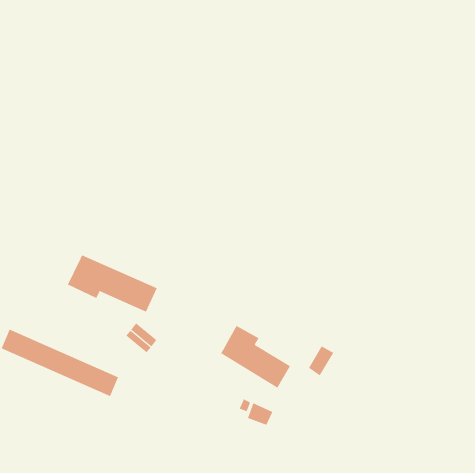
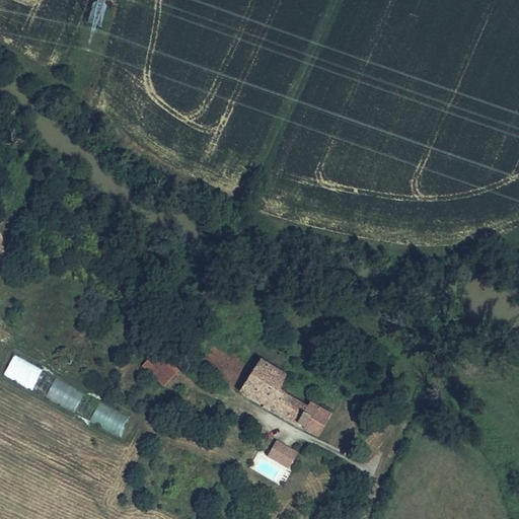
building: [67,254,158,312] -> none
building: [308,346,334,376] -> [303,401,331,435]

